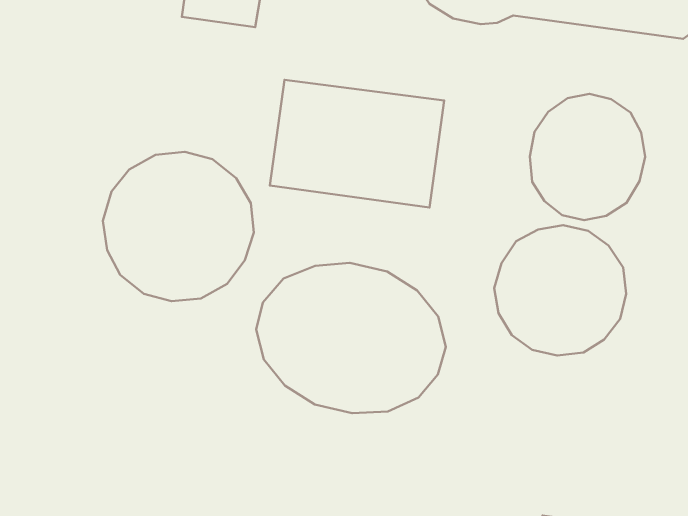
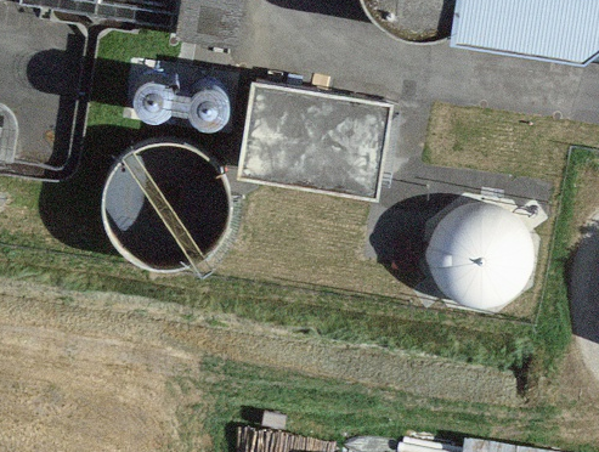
building: [530,94,645,220] -> none
building: [256,263,446,413] -> none

